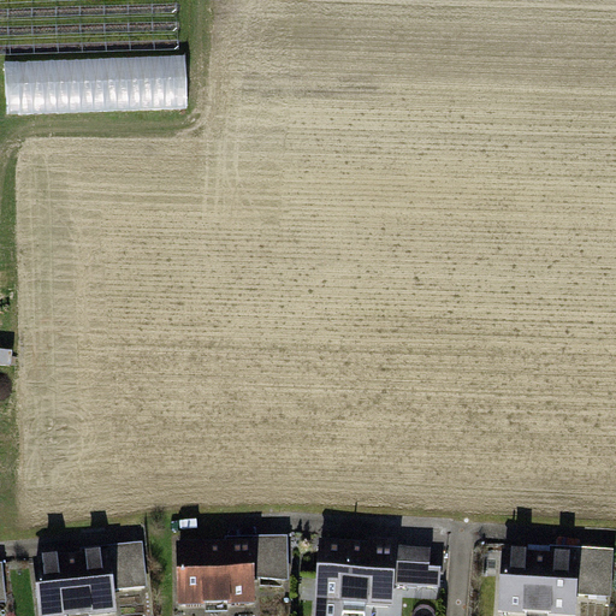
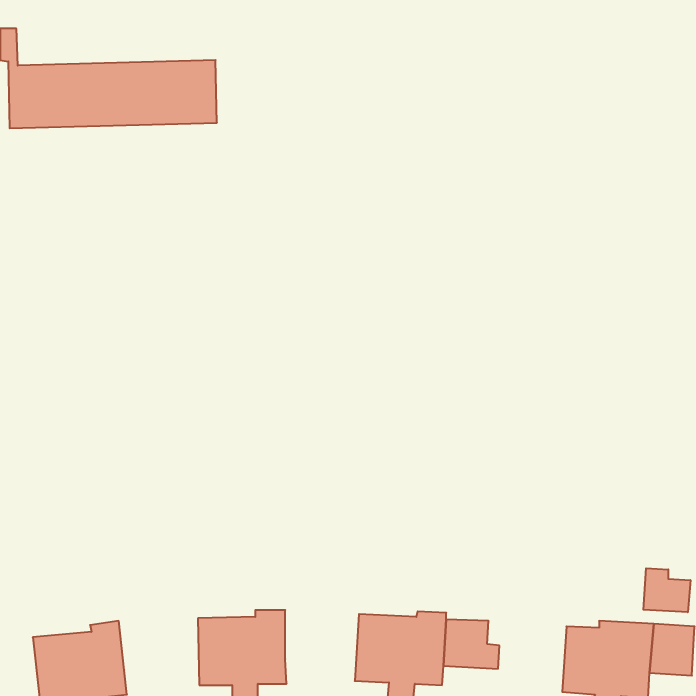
building: none -> [643,568,690,612]
building: [253,538,290,582] -> none
building: [106,545,148,592] -> none

